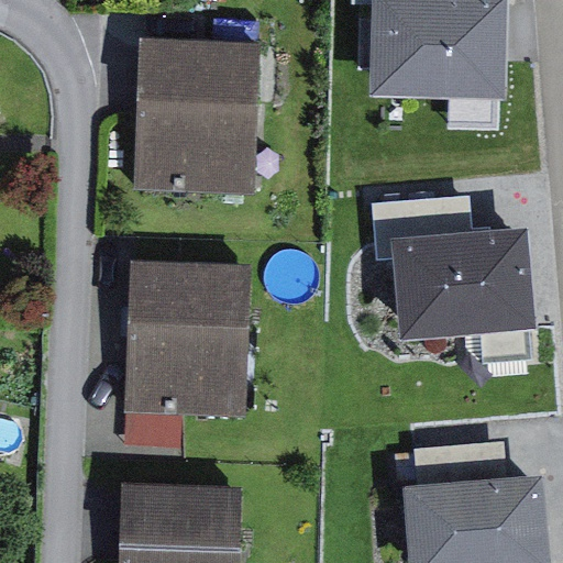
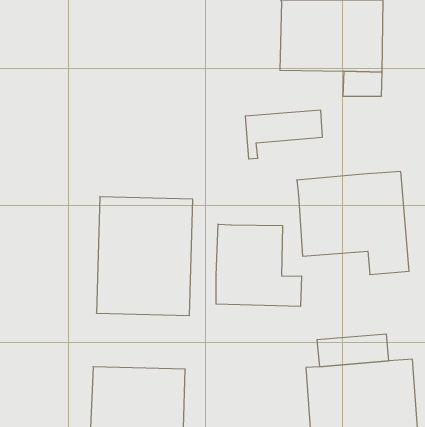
building: [136,38,260,192] -> none
building: [375,195,476,258] -> [245,110,322,159]
building: none -> [216,224,301,306]

